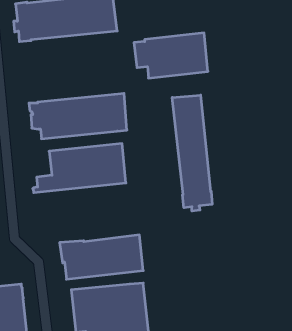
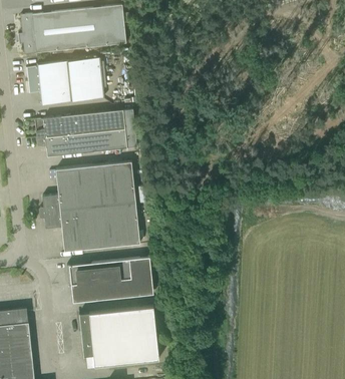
building: [134,33,208,78] -> [25,58,102,105]
building: [172,95,212,211] -> none
building: none -> [39,203,139,252]

